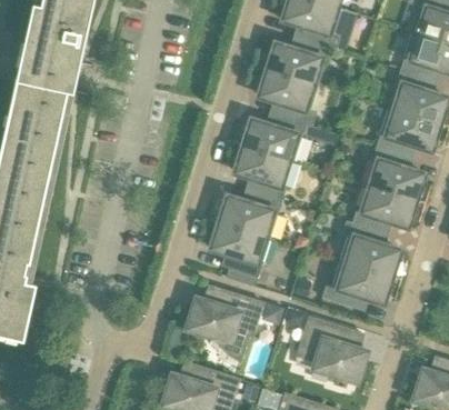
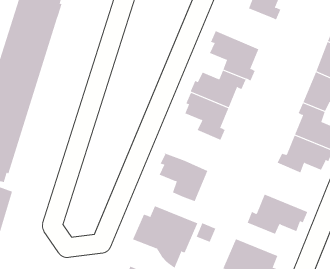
building: [261,39,330,87] -> none
building: [213,191,282,239] -> none
building: [340,221,400,279] -> none

